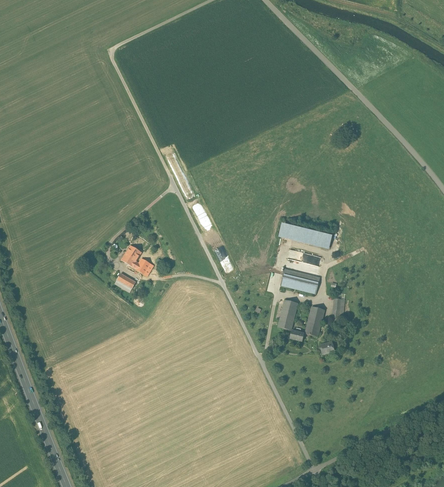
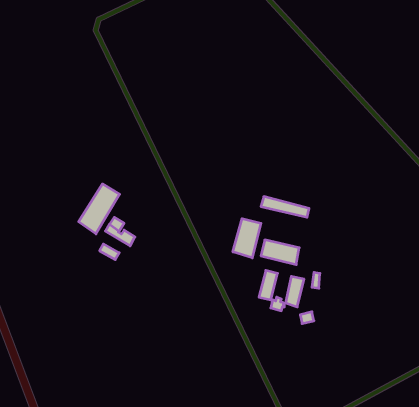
building: none -> [79,184,120,234]
building: none -> [233,219,261,258]

